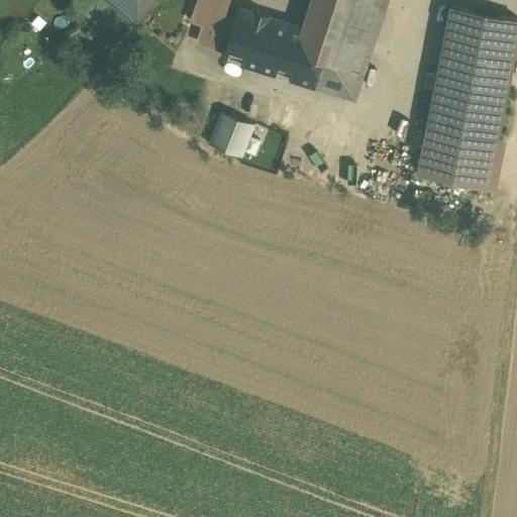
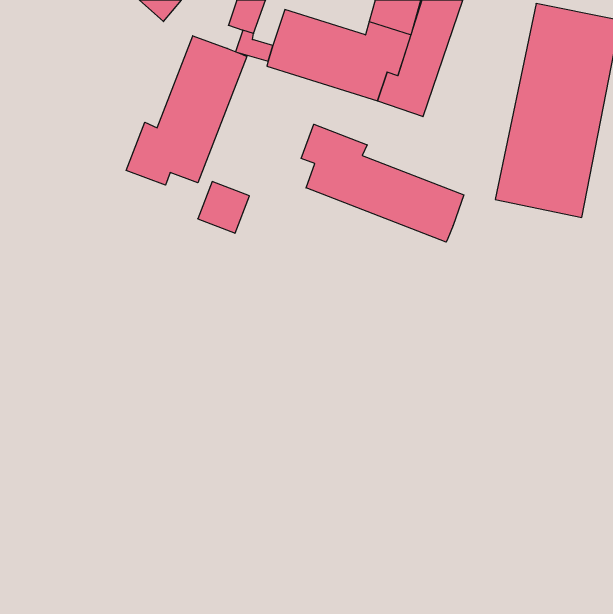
building: none -> [126,36,247,185]
building: none -> [301,124,464,242]
building: [211,111,254,154] -> [198,182,249,233]

